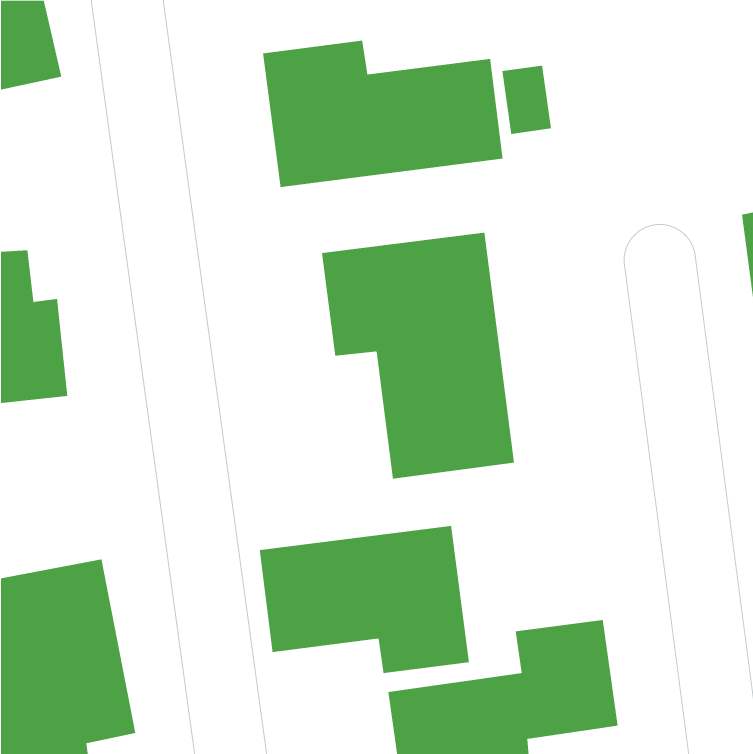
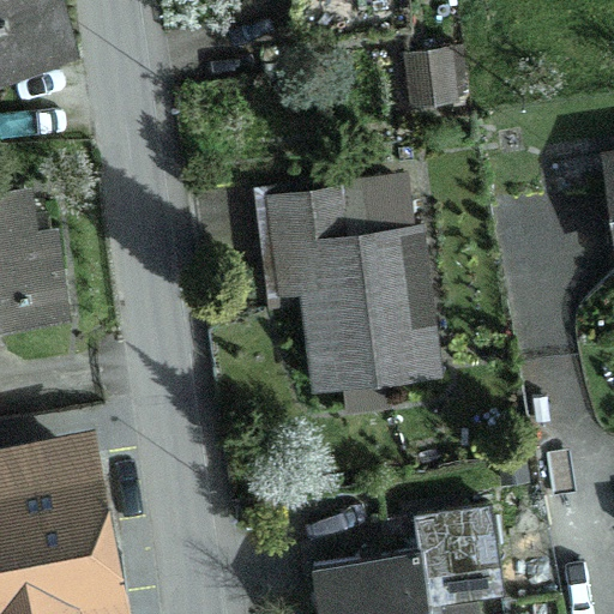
building: [262,40,503,188] -> none
building: [259,525,470,674] -> none

